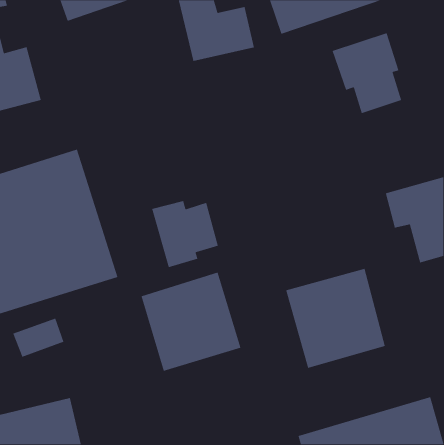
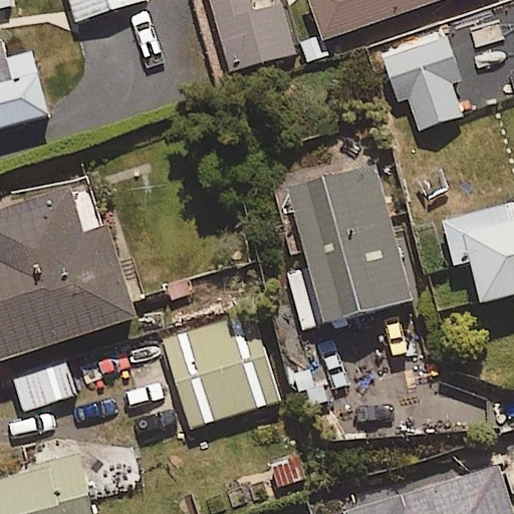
building: none -> [286,166,413,332]
building: [151,200,219,268] -> none
building: [285,268,386,369] -> none

